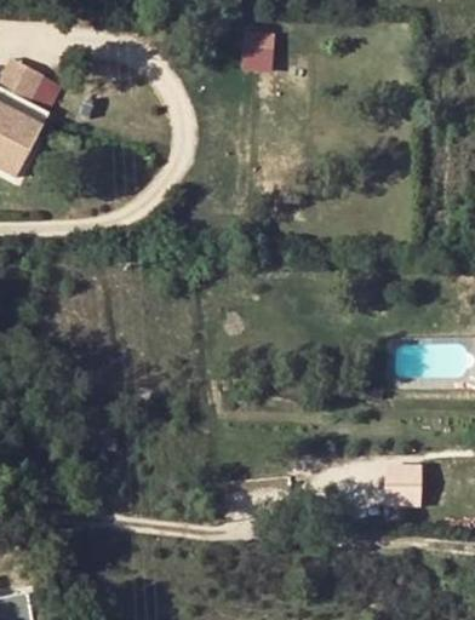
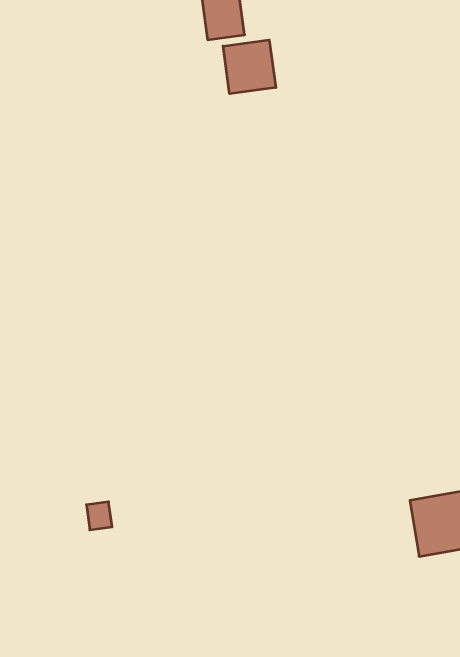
building: none -> [223,40,276,94]

